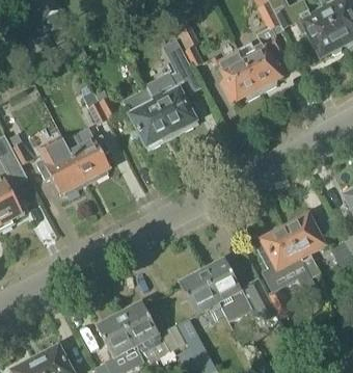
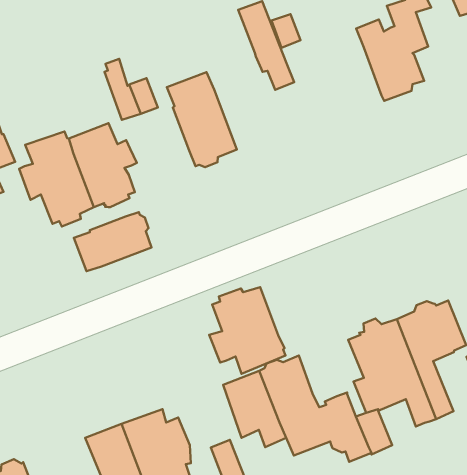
building: [215,48,260,101] -> none
building: [144,71,195,133] -> none
building: none -> [74,212,152,271]
building: none -> [209,287,286,374]

